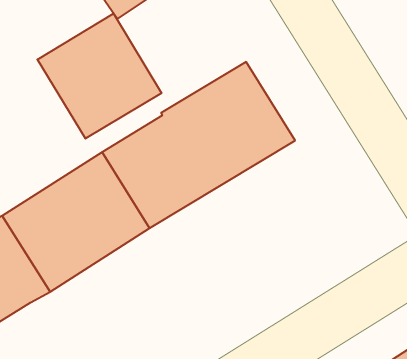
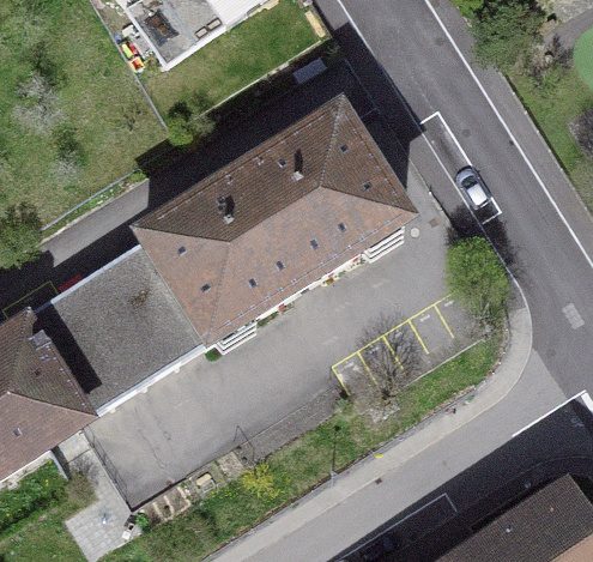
building: [37,13,161,139] -> none

